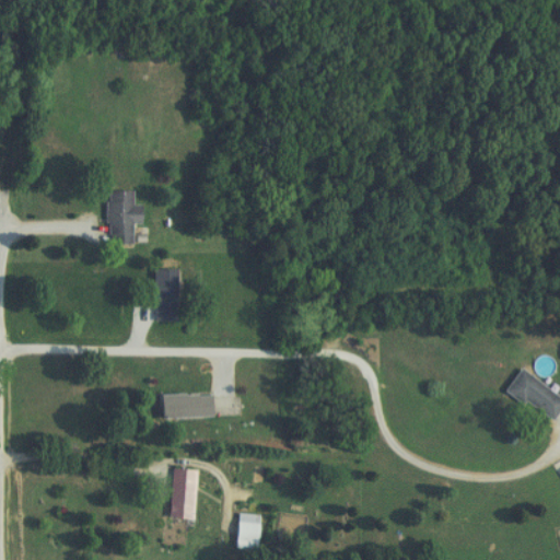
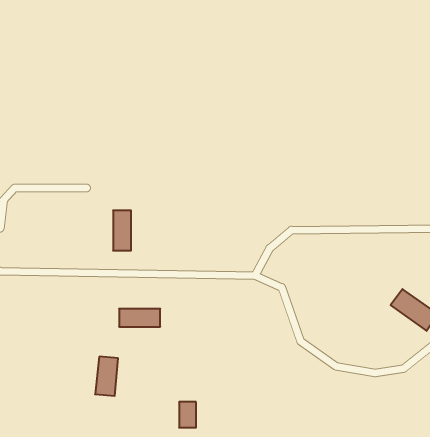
building: [109,189,144,244] -> none
building: [170,468,199,518] -> [95,357,118,396]

